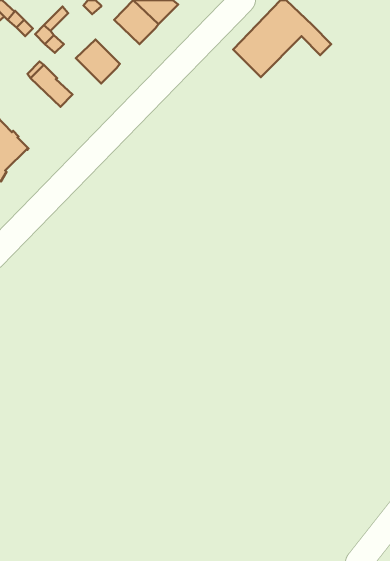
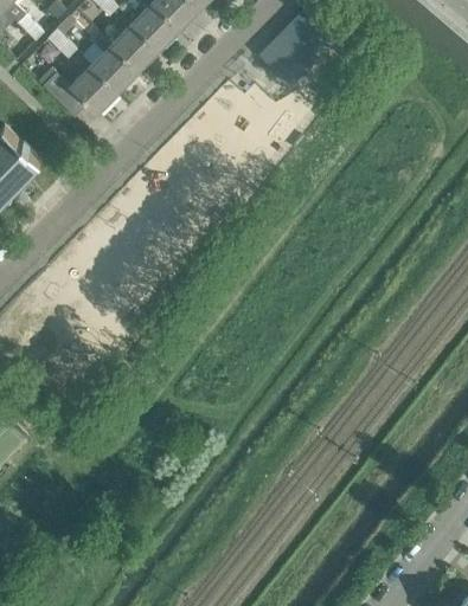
building: none -> [113,22,160,70]
building: none -> [70,64,118,112]

